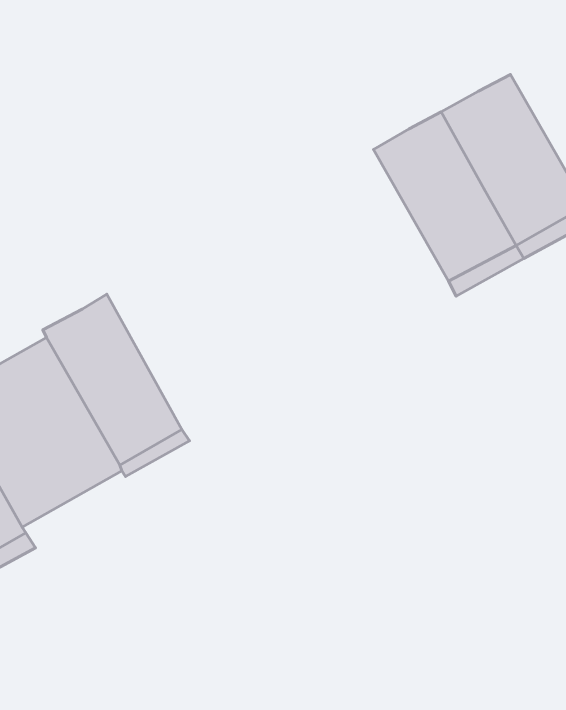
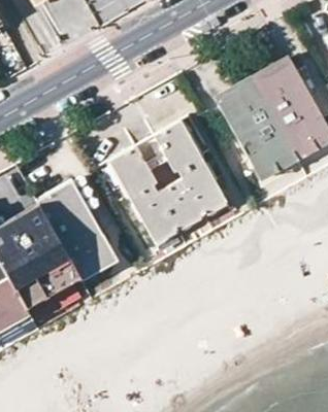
building: none -> [111,122,228,242]

